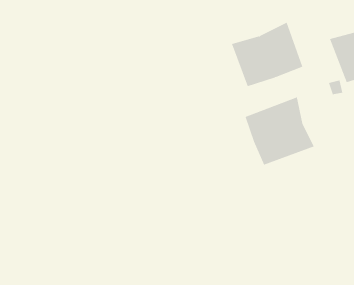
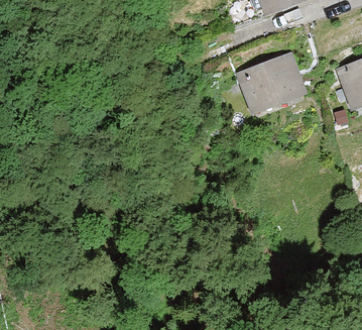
building: [245,96,314,166] -> none

